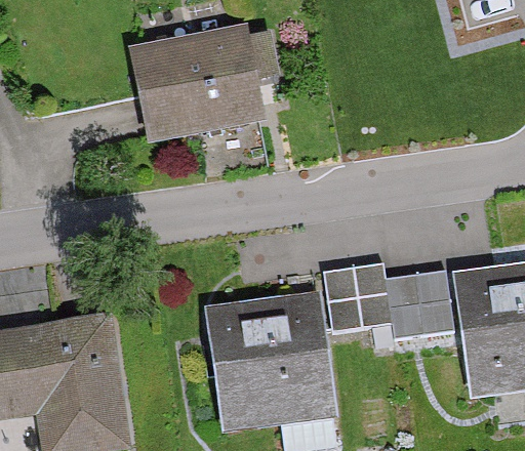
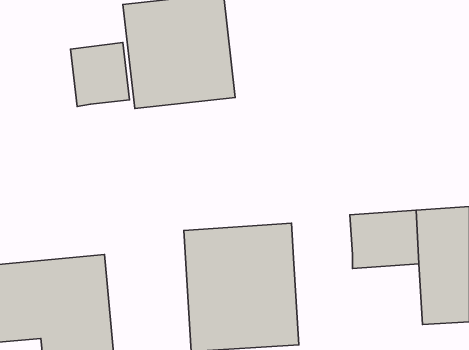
building: none -> [71,42,130,107]
building: [325,268,394,323] -> none

